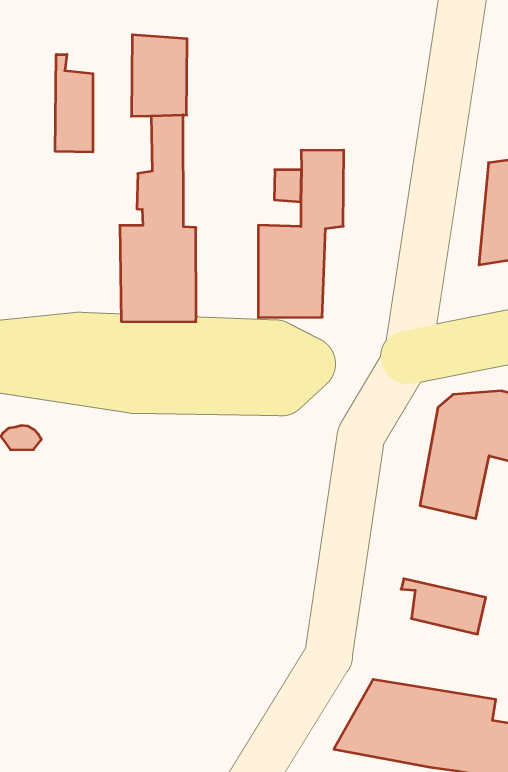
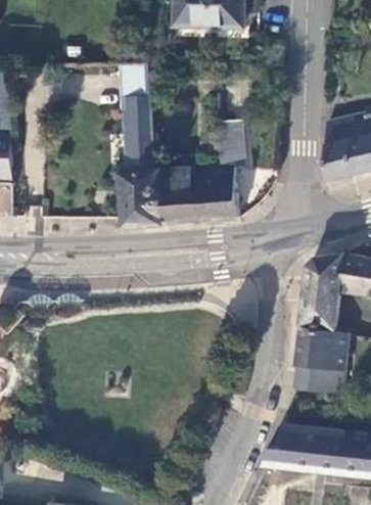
building: [55,54,93,152] -> none
building: none -> [161,168,201,223]
building: none -> [296,327,349,372]

